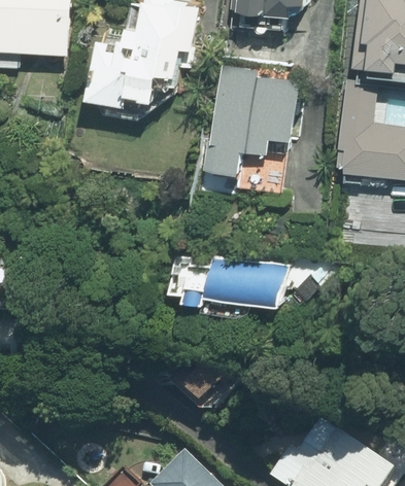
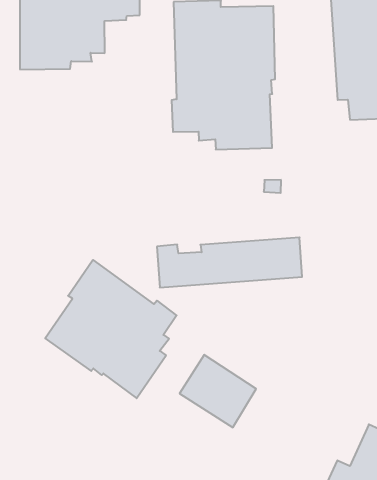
building: none -> [45,260,177,398]

